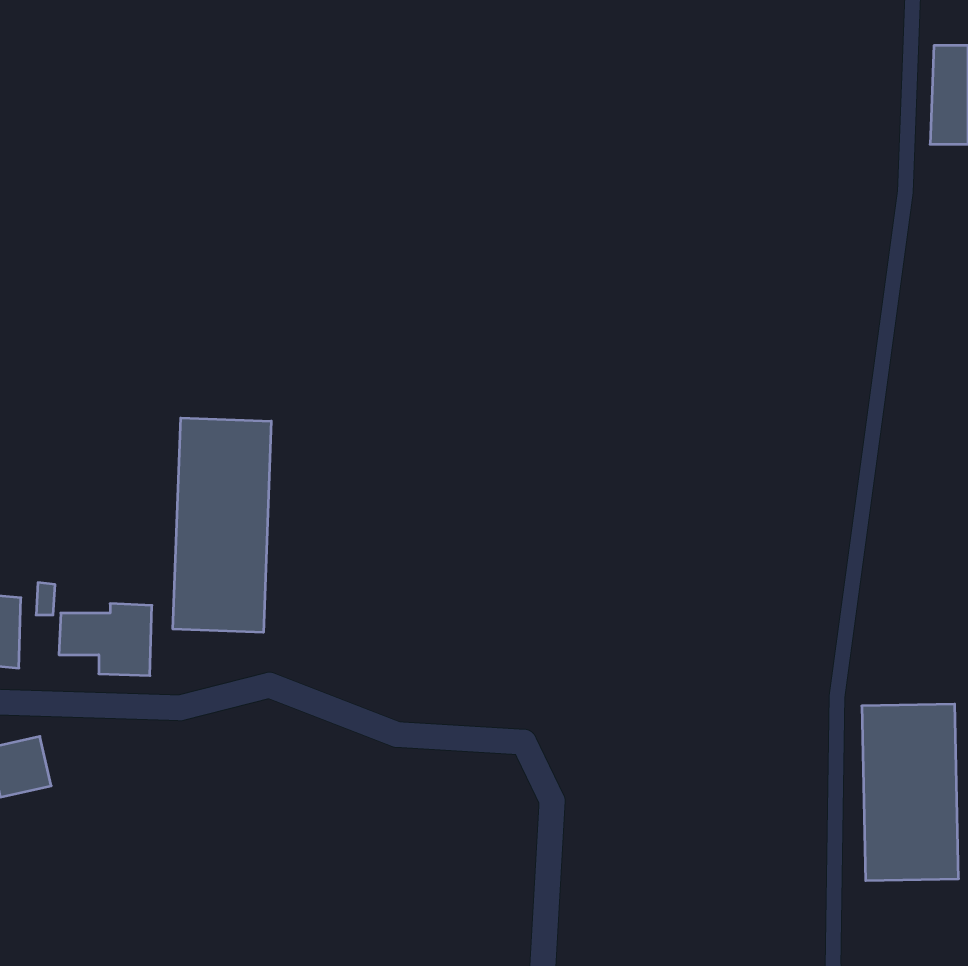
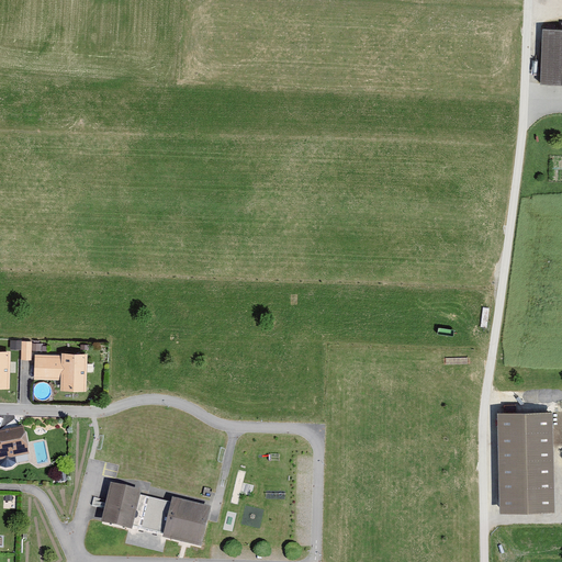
building: [173,418,271,632] -> none
building: none -> [101,484,211,548]

